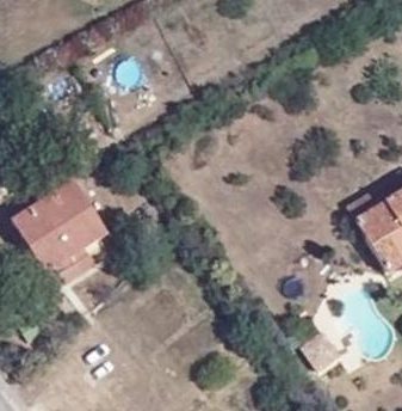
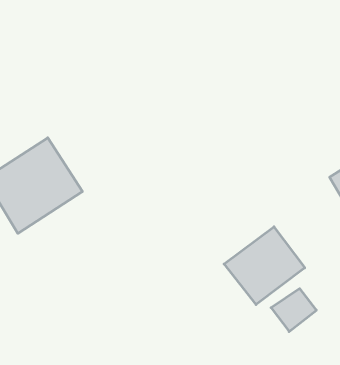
building: none -> [224,227,305,305]

